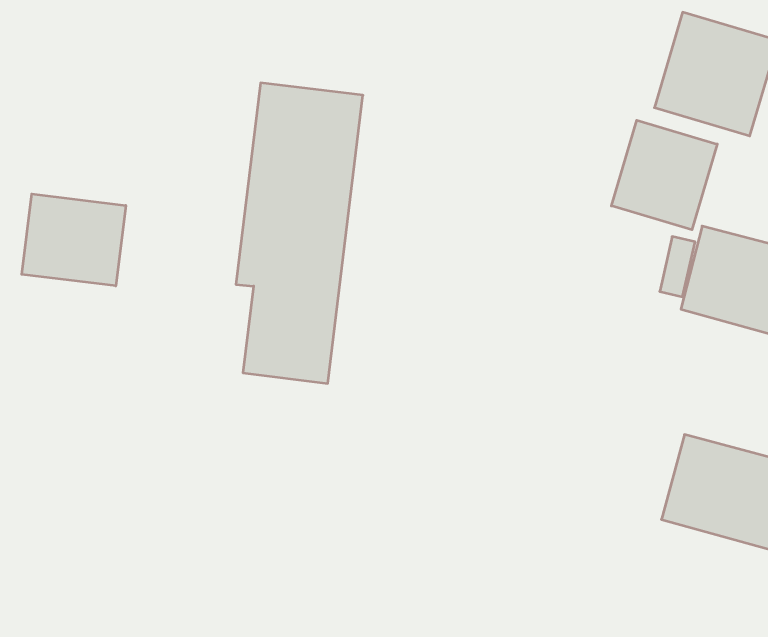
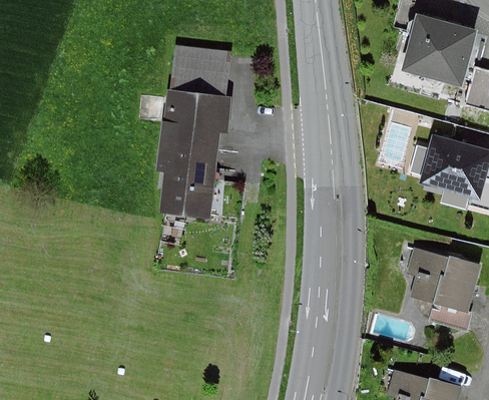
building: [611,120,717,230] -> none
building: [22,194,126,286] -> none

